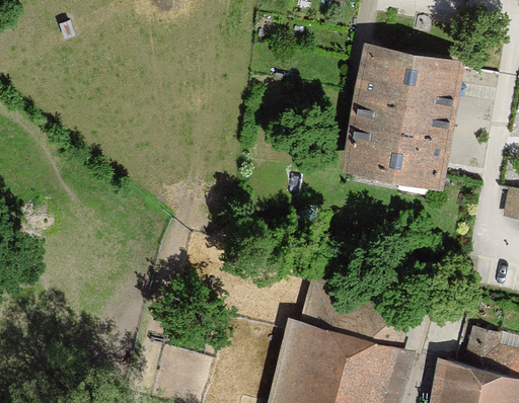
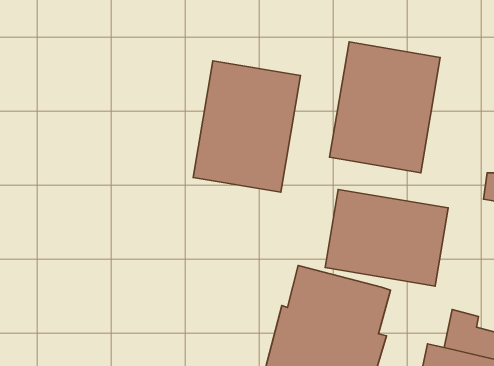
building: none -> [193,61,301,192]
building: none -> [325,189,448,286]

